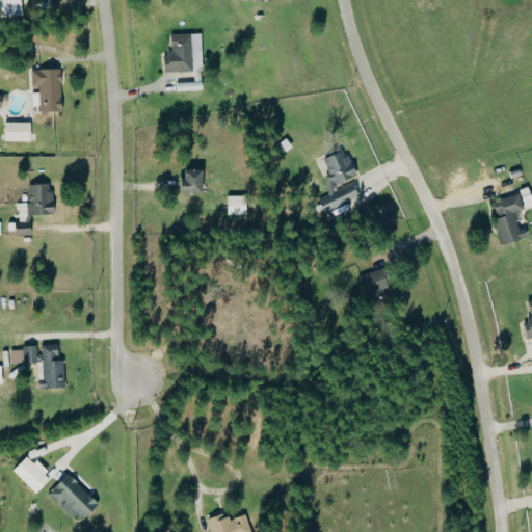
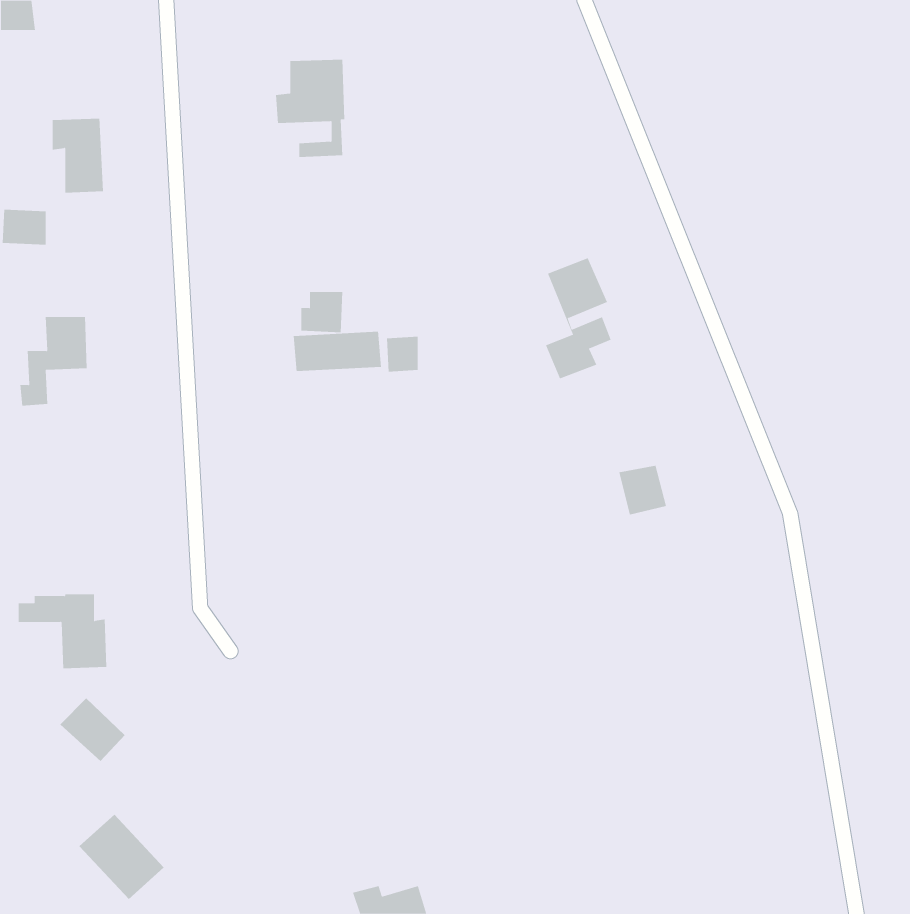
building: none -> [293,331,381,372]
building: [493,194,524,245] -> none
building: [11,455,50,493] -> [59,698,126,762]

